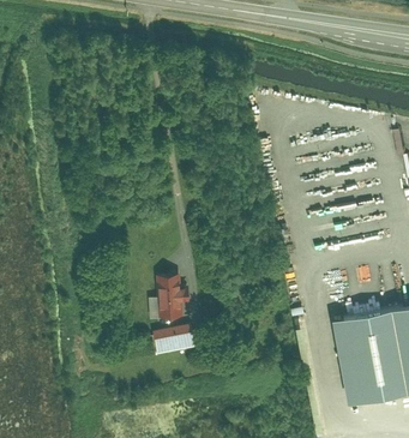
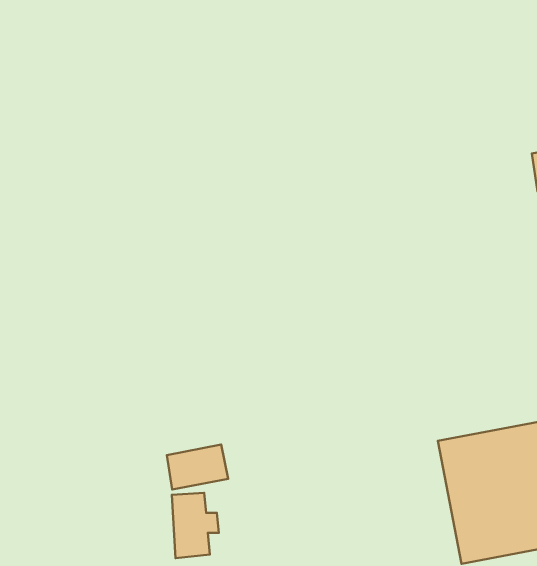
building: [157,275,188,318] -> [172,493,219,558]

